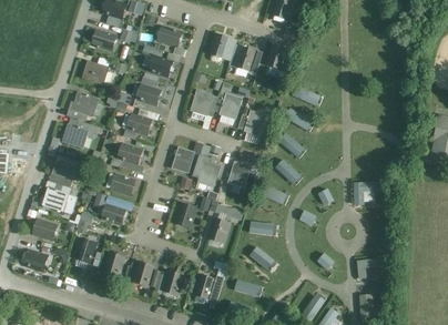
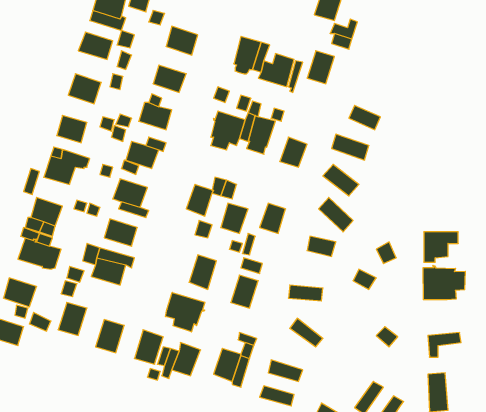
building: none -> [423,265,465,300]
building: none -> [166,292,205,332]

